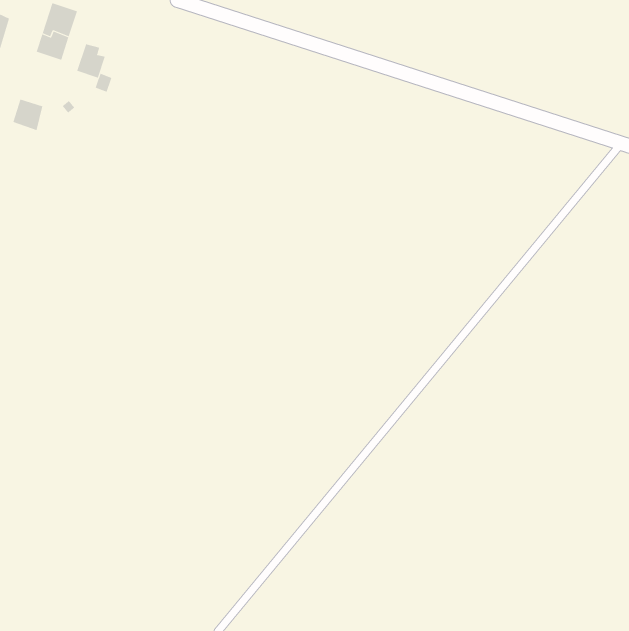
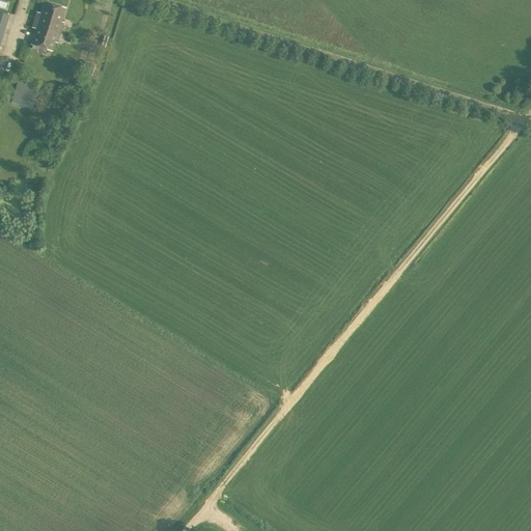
building: [76,43,105,78] -> none

